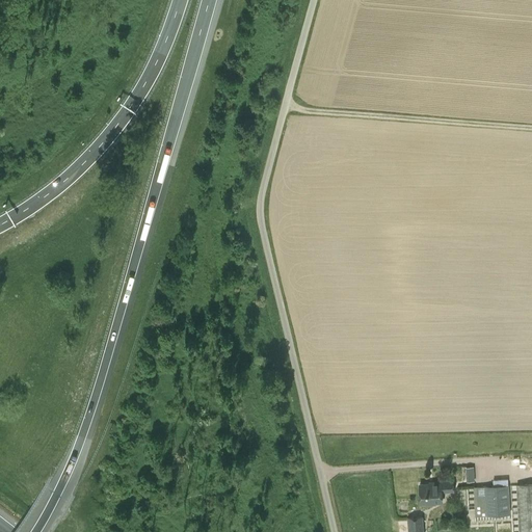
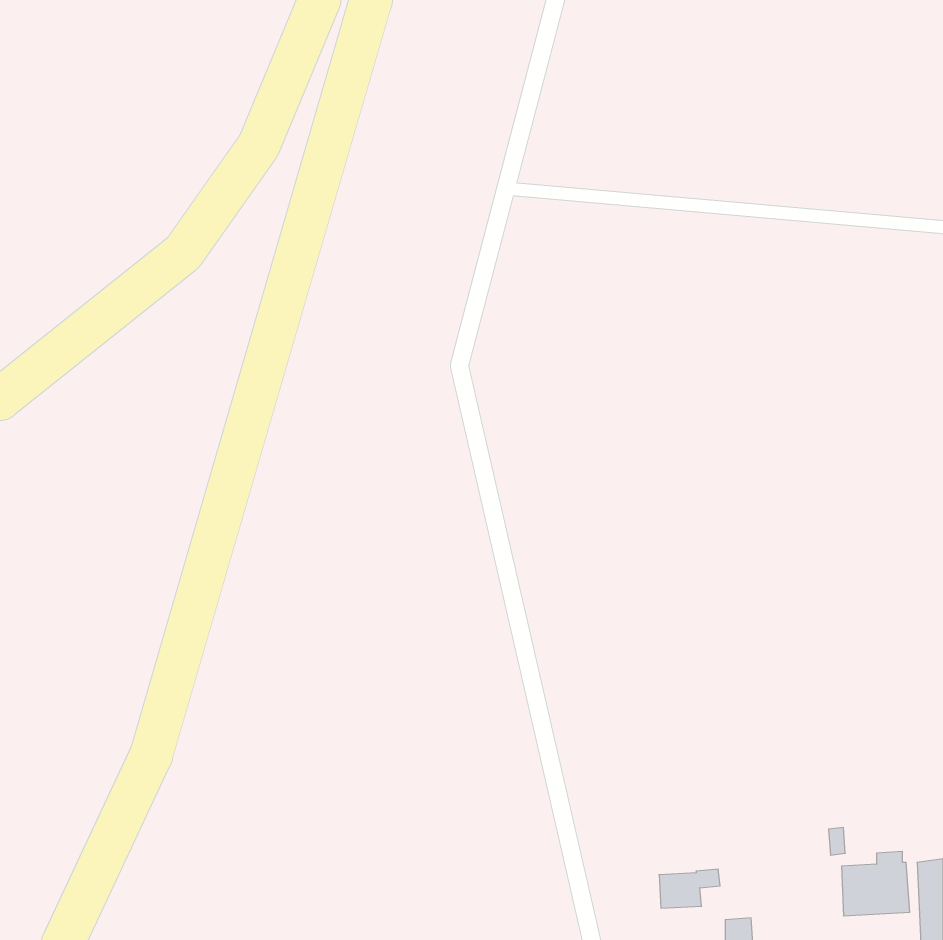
building: [419,483,453,505] -> [659,869,720,908]

